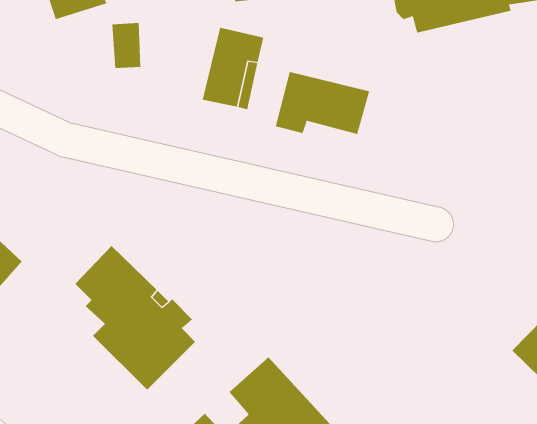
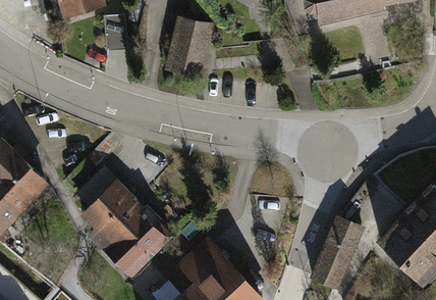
building: [275,71,370,135] -> none
building: none -> [313,219,362,288]

